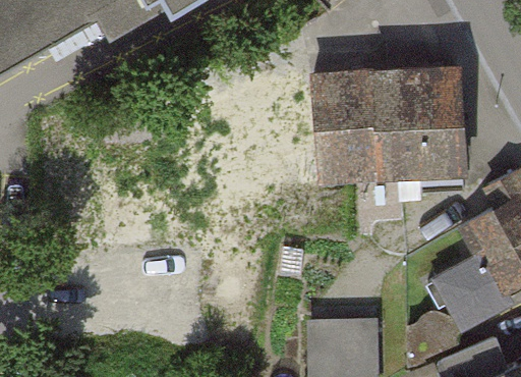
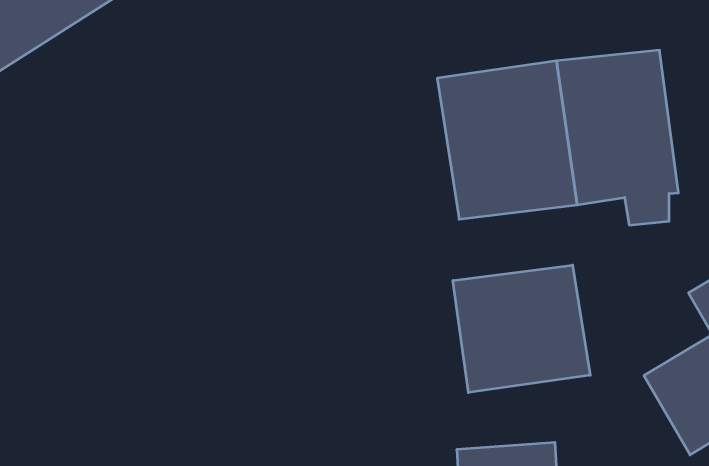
building: none -> [453,265,590,393]

